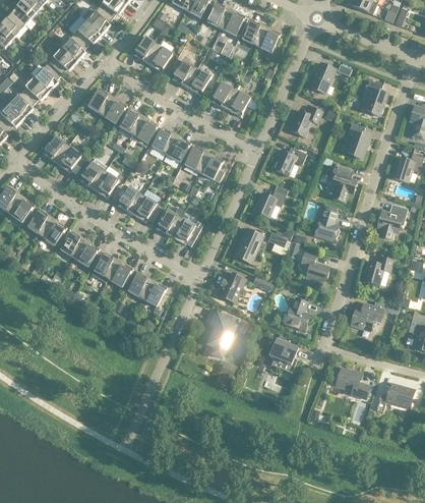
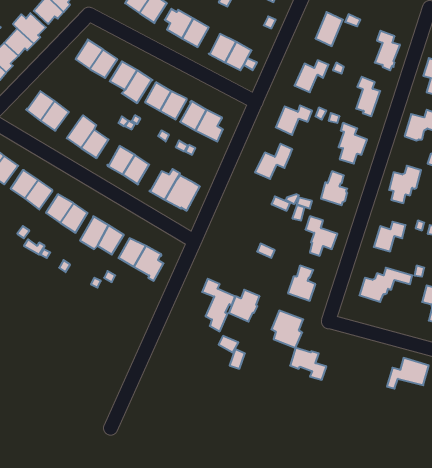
building: [233,228,262,264] -> none
building: [216,273,244,302] -> [229,290,260,322]
building: [335,369,368,398] -> [290,348,326,380]

